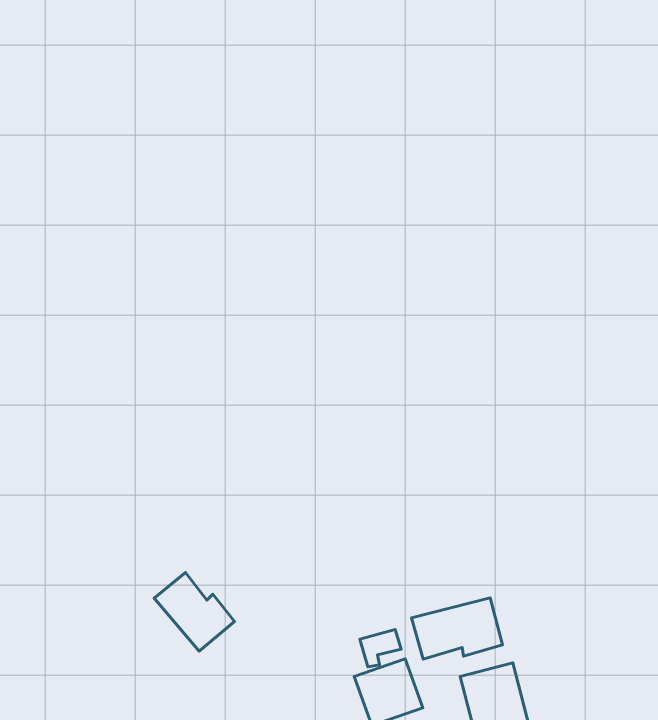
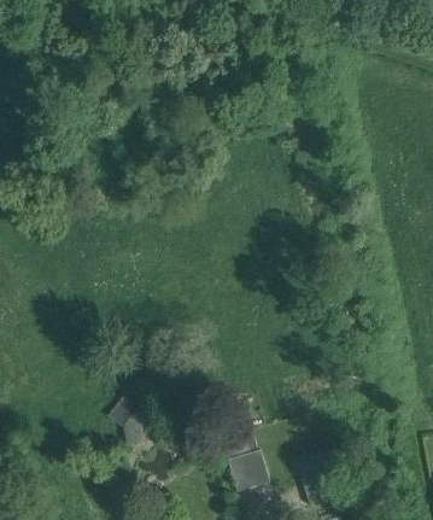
building: [412,598,503,659] -> none

